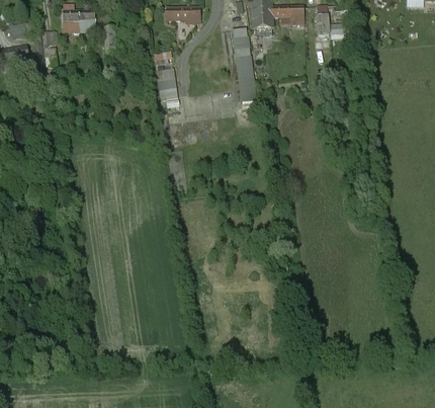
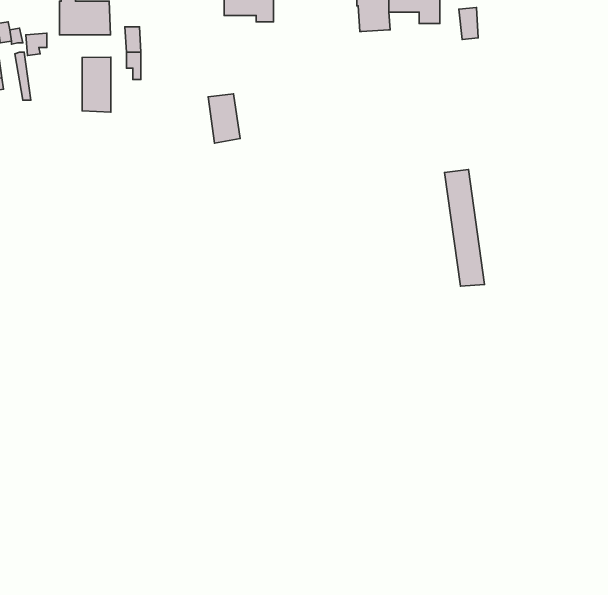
building: [231,28,256,102] -> [445,169,485,286]
building: none -> [82,57,111,112]

